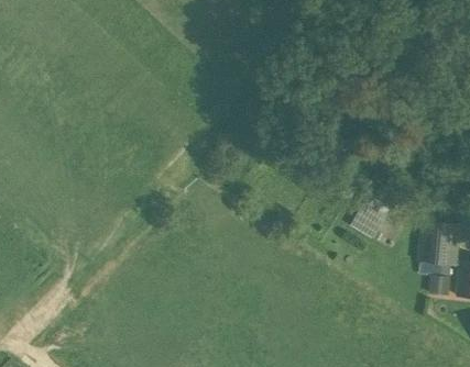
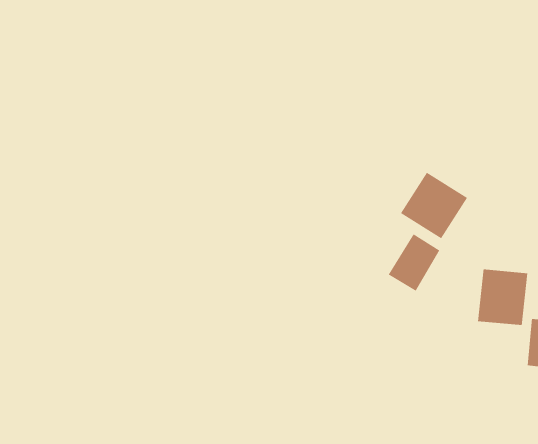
building: none -> [400,172,468,239]

